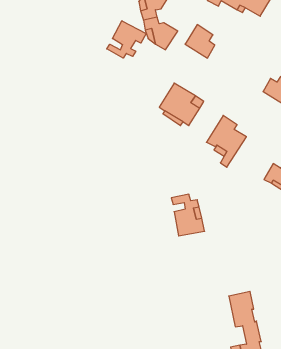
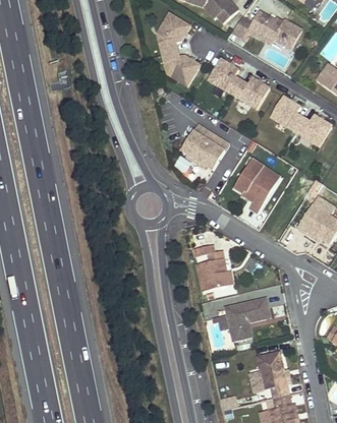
building: [107,21,146,58] -> none
building: none -> [233,77,270,109]
building: none -> [270,96,302,131]
building: none -> [225,298,268,341]

